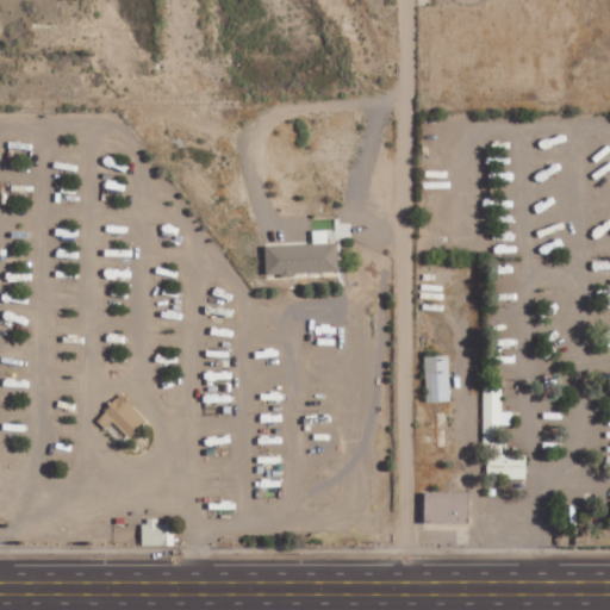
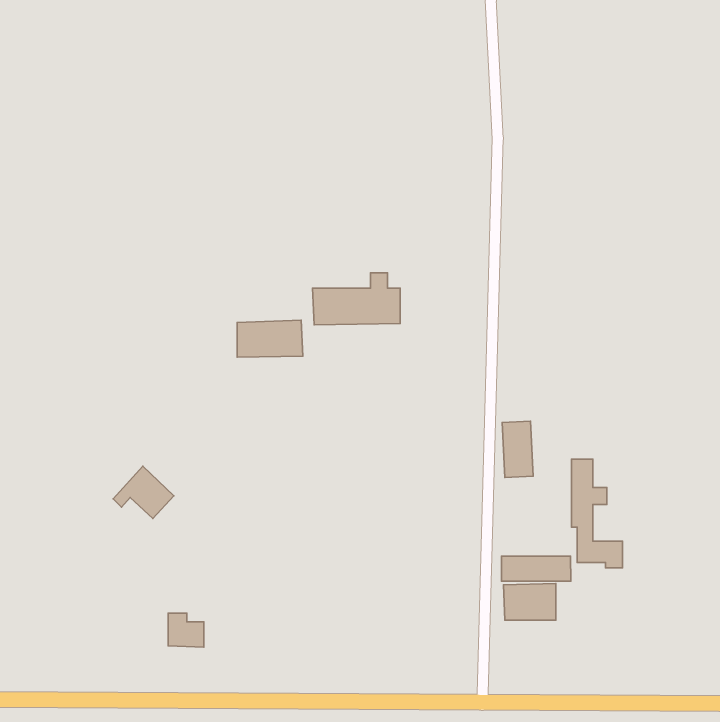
building: none -> [237,320,303,357]
building: none -> [501,556,571,581]

